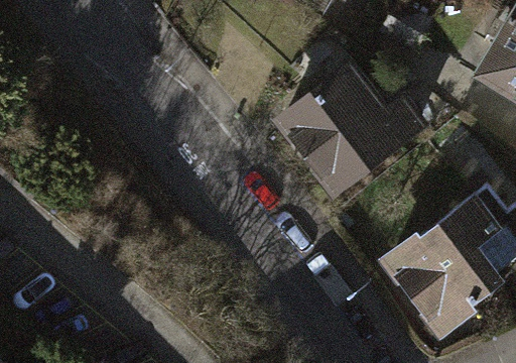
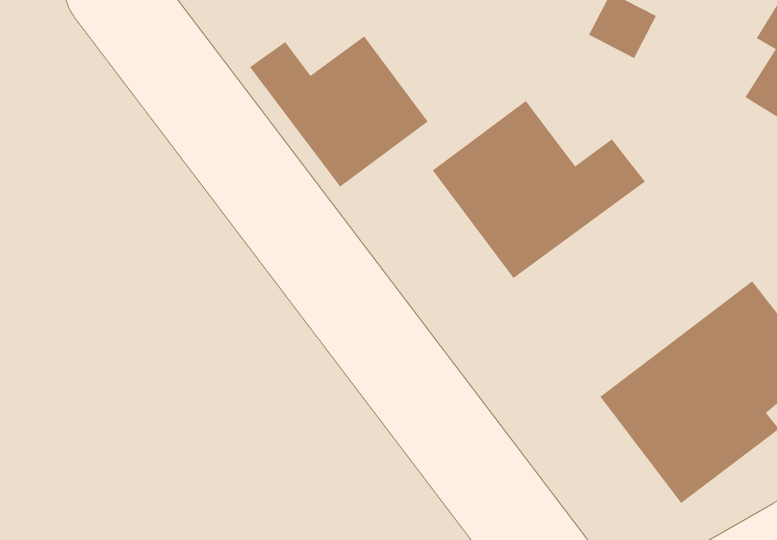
building: none -> [249,35,429,187]

